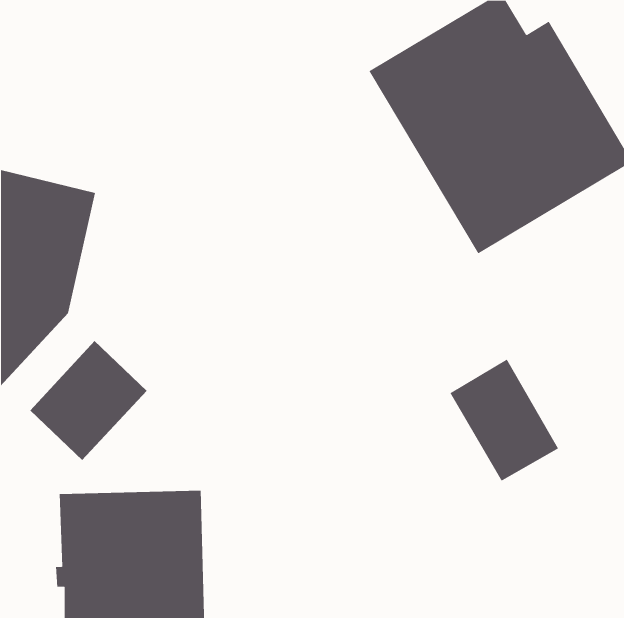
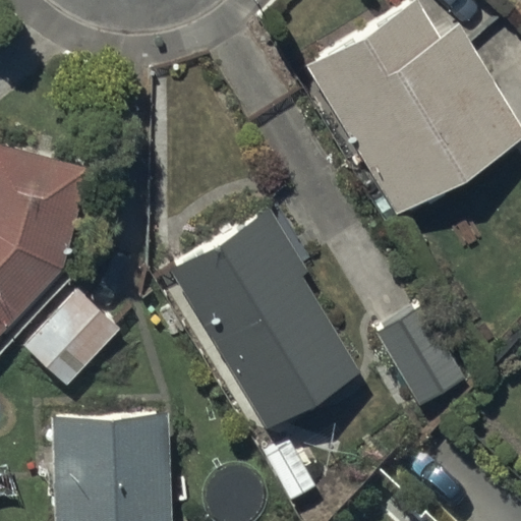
building: none -> [170,208,358,426]

